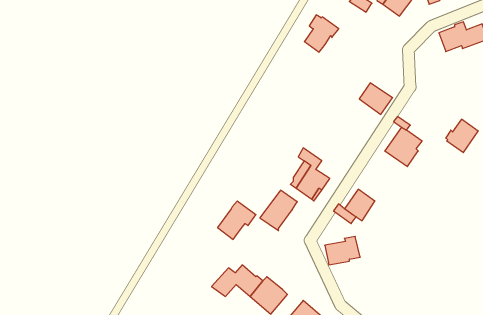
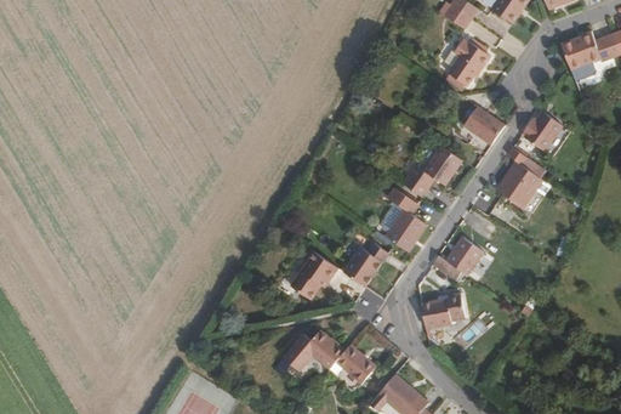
building: [304,15,339,52] -> [449,39,491,85]
building: none -> [403,144,462,197]
building: [446,119,478,153] -> [522,109,562,151]

